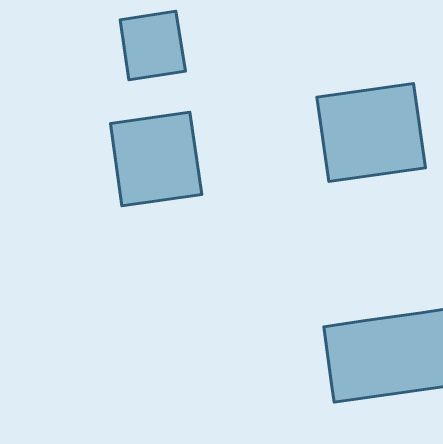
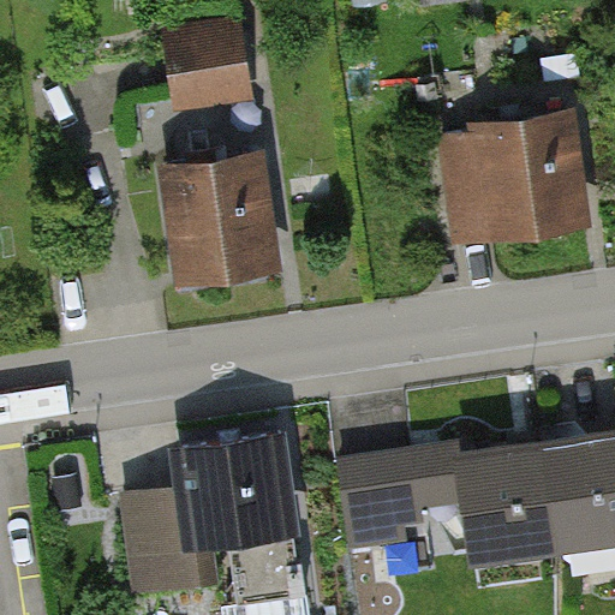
building: none -> [117,432,300,597]
building: none -> [340,441,460,547]

